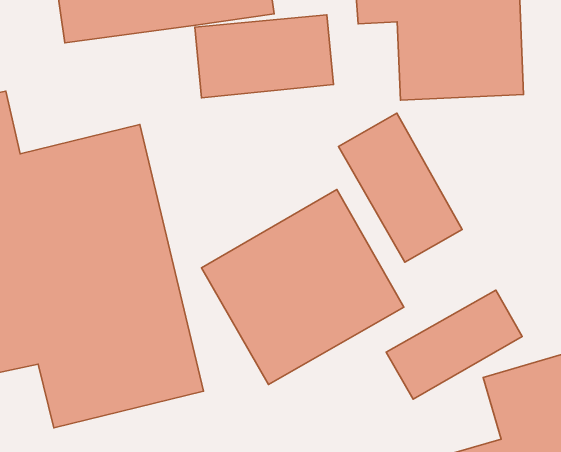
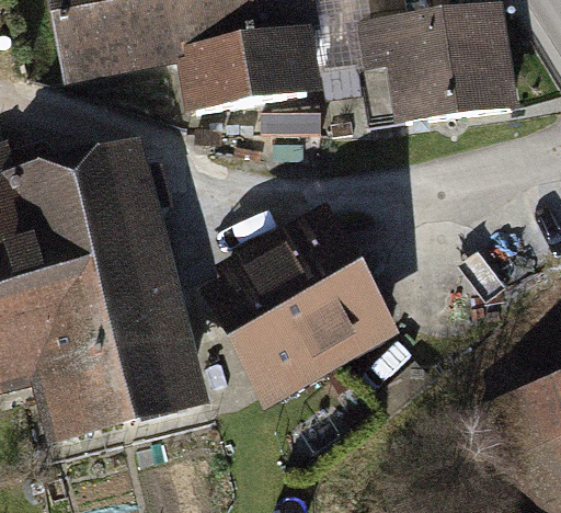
building: [338,113,462,262] -> none
building: [386,290,522,399] -> none

